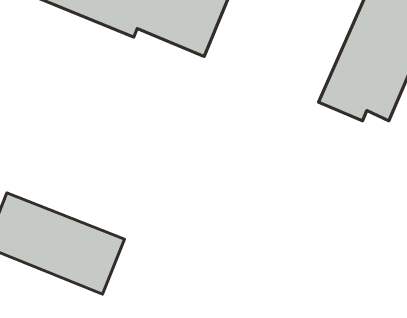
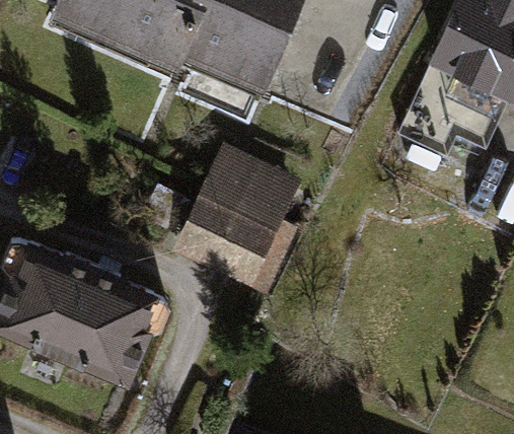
building: none -> [173,145,306,286]

